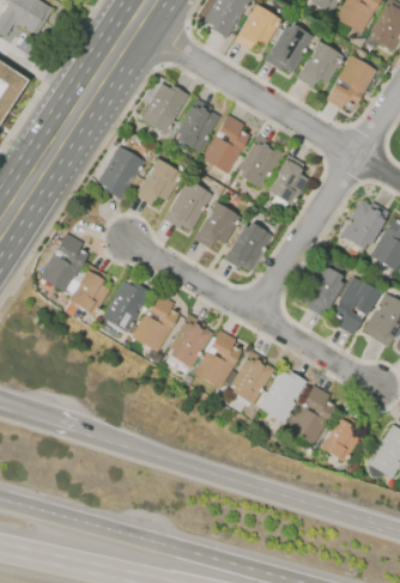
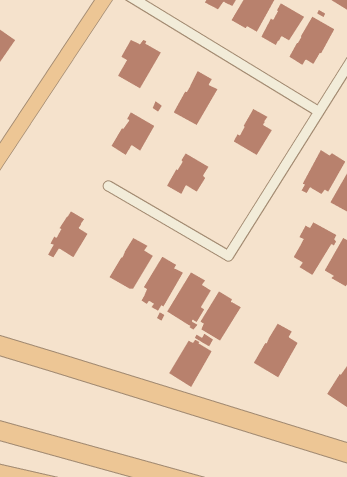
building: [174,97,220,152] -> none
building: [237,134,281,188] -> none
building: [98,146,145,199] -> none
building: [164,182,212,230] -> none
building: [223,221,272,272] -> none
building: [40,232,89,292] -> none
building: [298,262,341,316] -> none
building: [102,275,151,333] -> none
building: [259,369,307,421] -> [168,339,213,388]
building: [319,412,365,466] -> none

